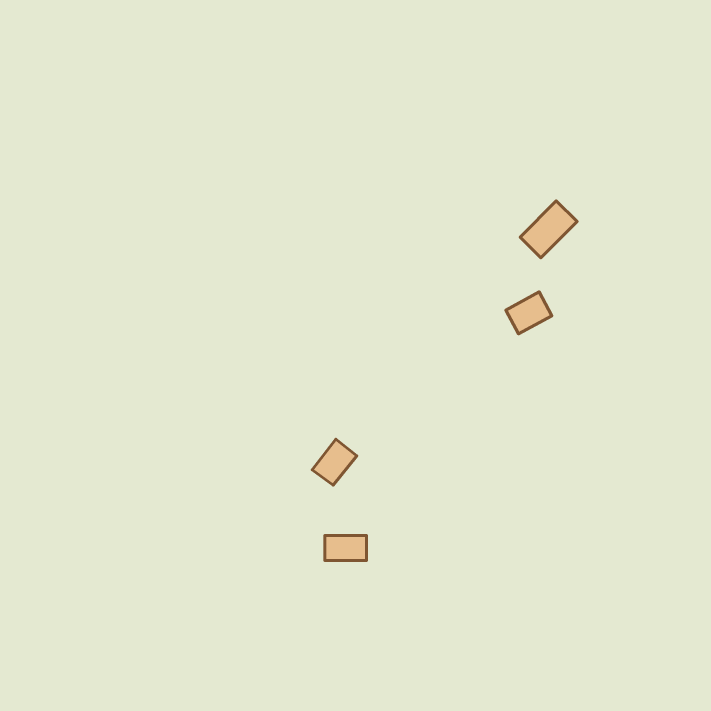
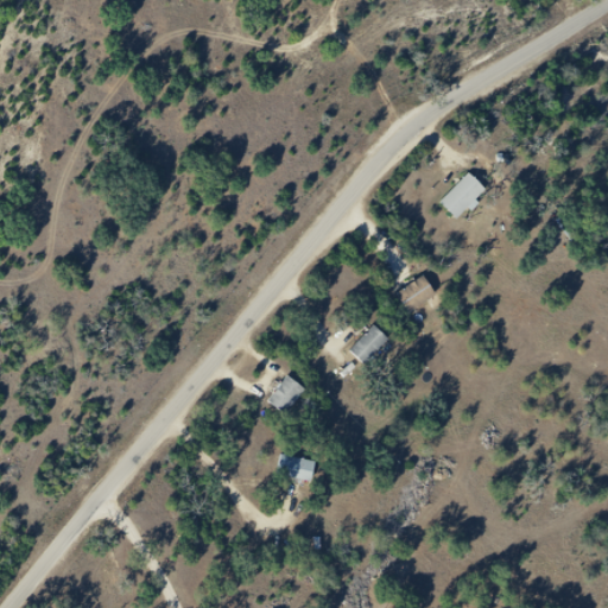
building: [506,292,552,334] -> [395,276,435,311]
building: none -> [348,324,387,363]

